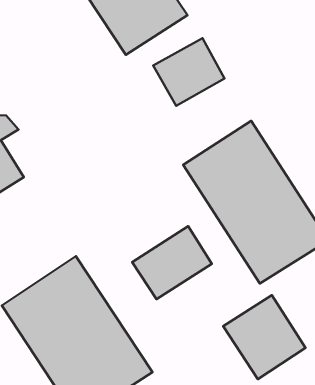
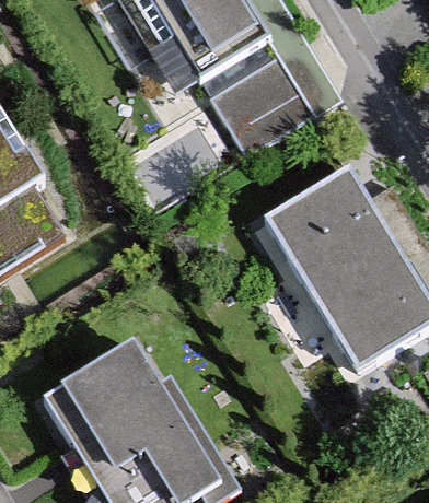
building: [132,226,212,299] -> none
building: [223,295,305,379] -> none

